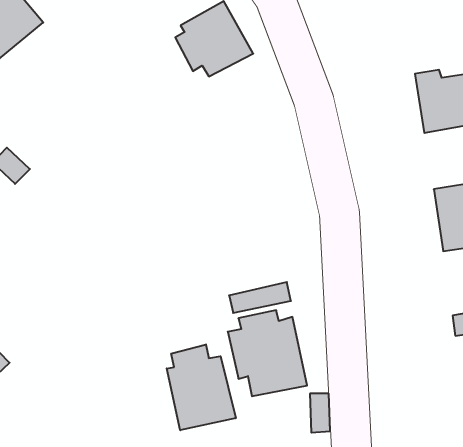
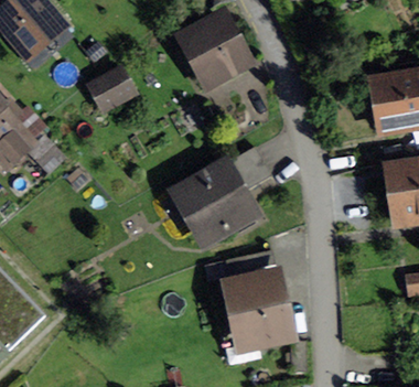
building: none -> [86,68,129,109]
building: none -> [178,146,267,240]
building: [167,344,236,430] -> none

